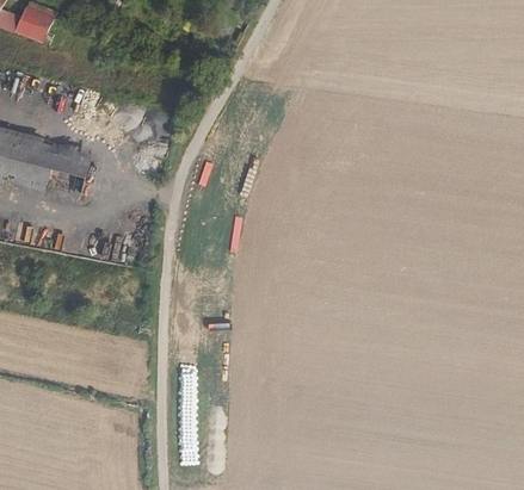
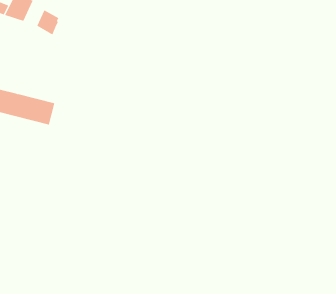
building: none -> [36,10,59,35]

